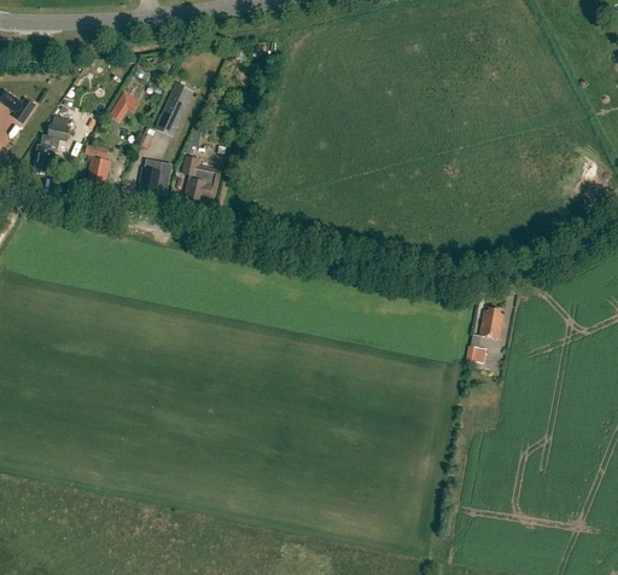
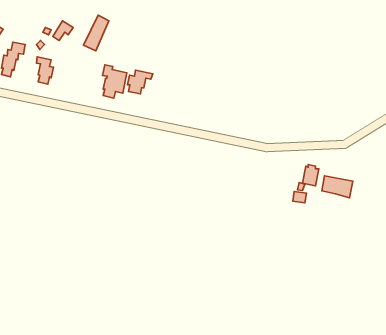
building: [140,161,173,196] -> none
building: none -> [128,70,153,94]
building: none -> [322,176,353,198]

